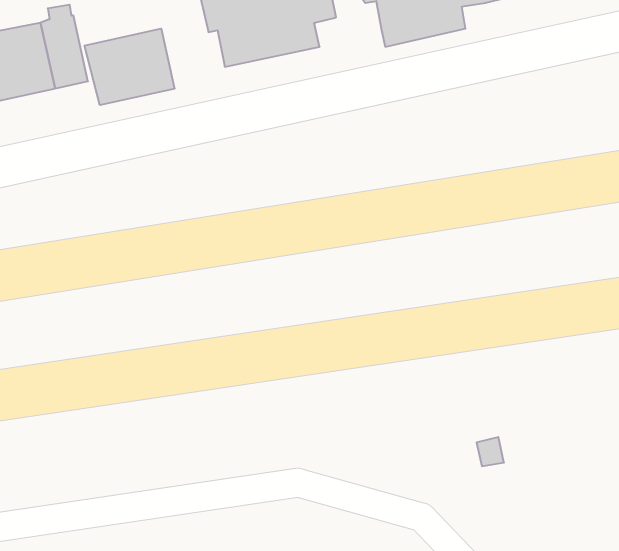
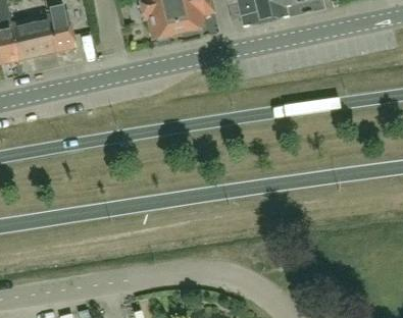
building: [85,29,175,105] -> none

